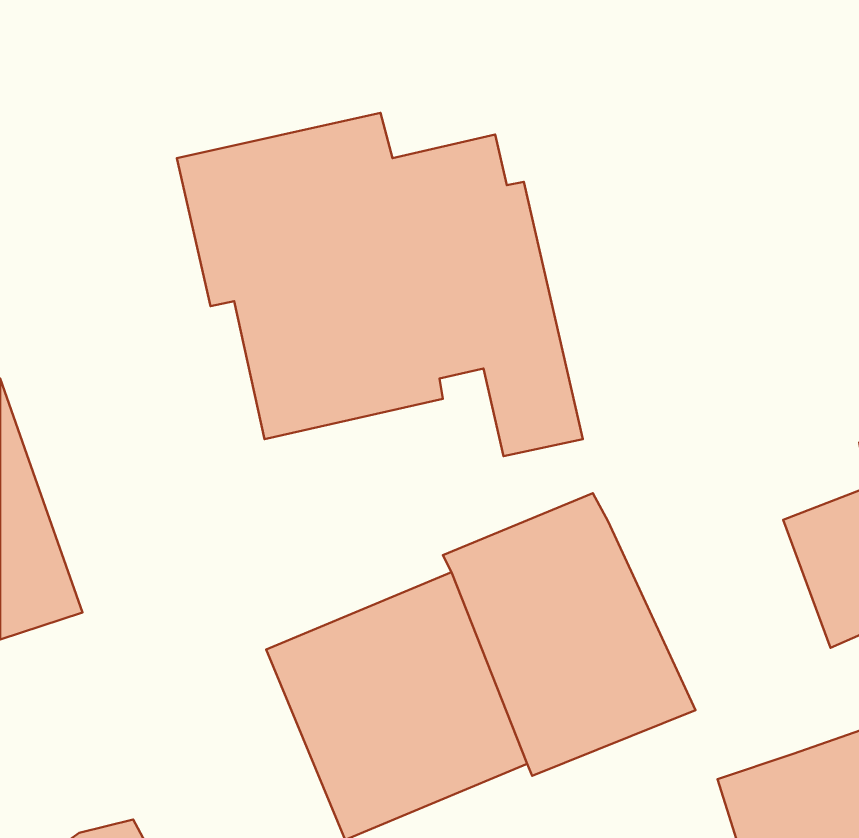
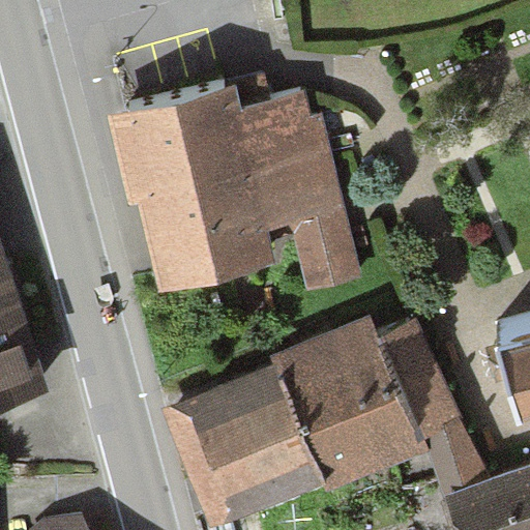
building: none -> [375,319,489,493]

